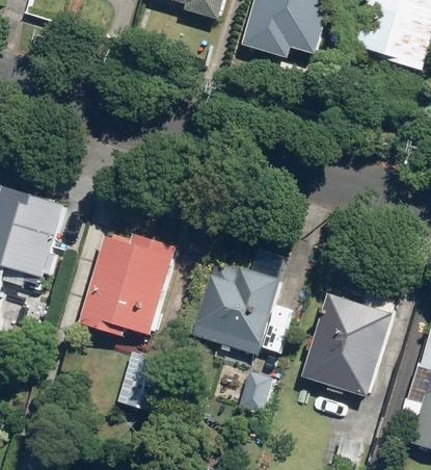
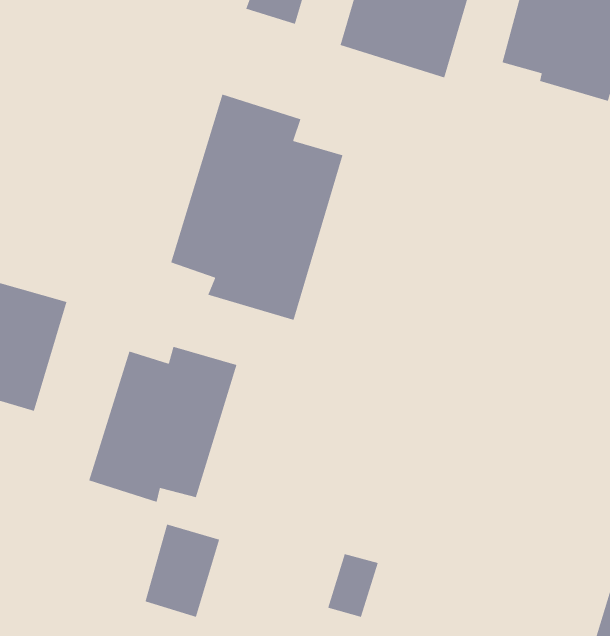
building: none -> [170,94,344,321]
building: [191,259,281,356] -> none
building: [301,292,394,397] -> none

